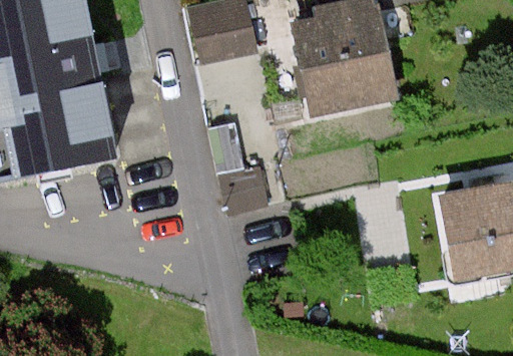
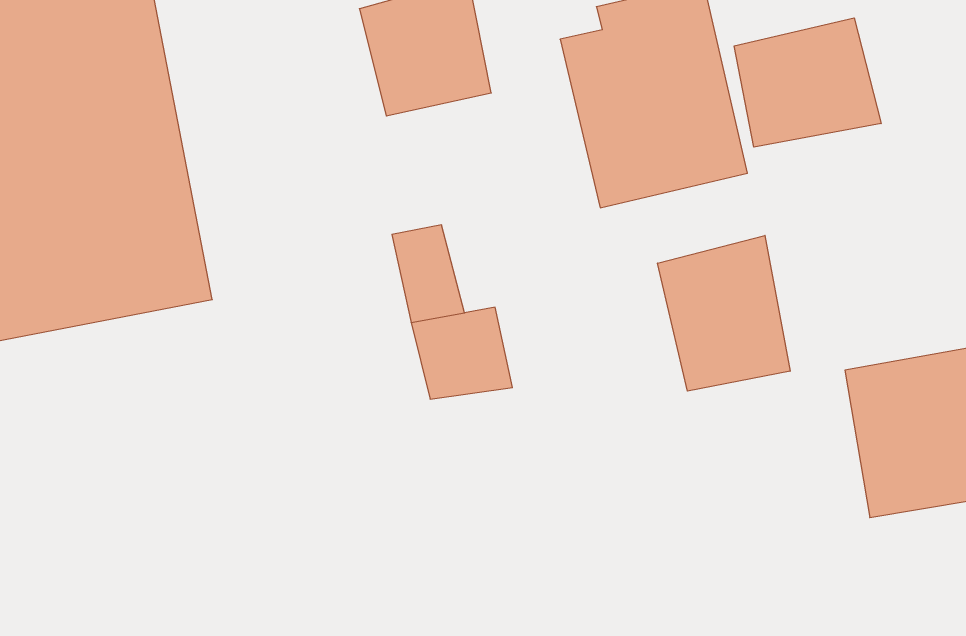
building: none -> [734,18,881,147]
building: none -> [658,235,790,391]

